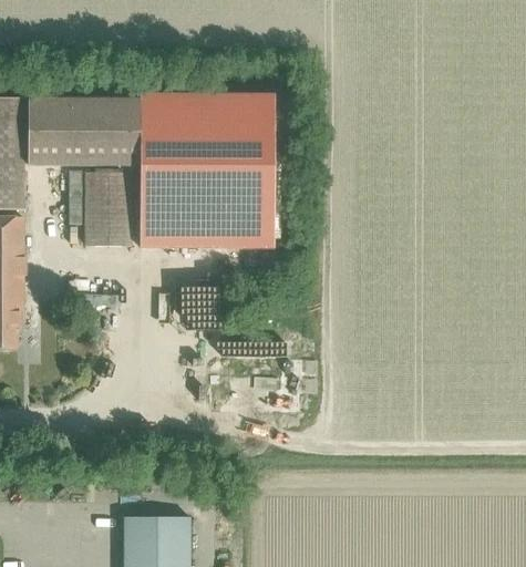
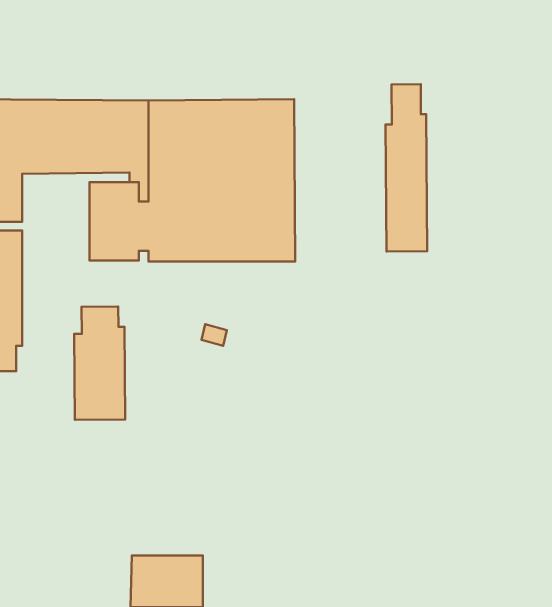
building: none -> [386,84,427,252]
building: none -> [74,306,125,420]

